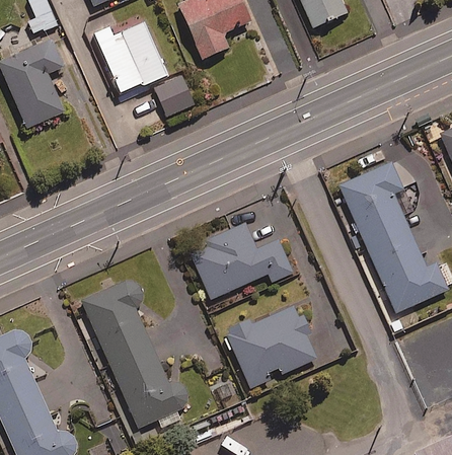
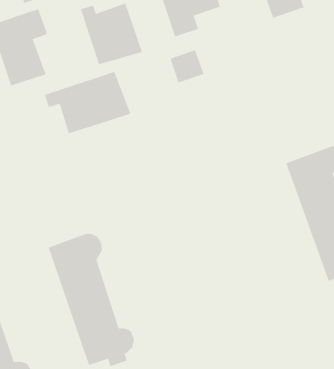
building: [155,76,195,115] -> [170,50,204,83]
building: none -> [44,71,131,134]
building: [187,222,293,299] -> none
building: [227,306,315,387] -> none

